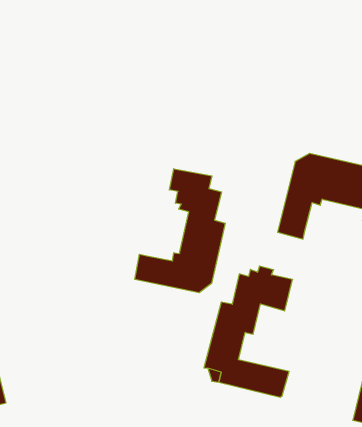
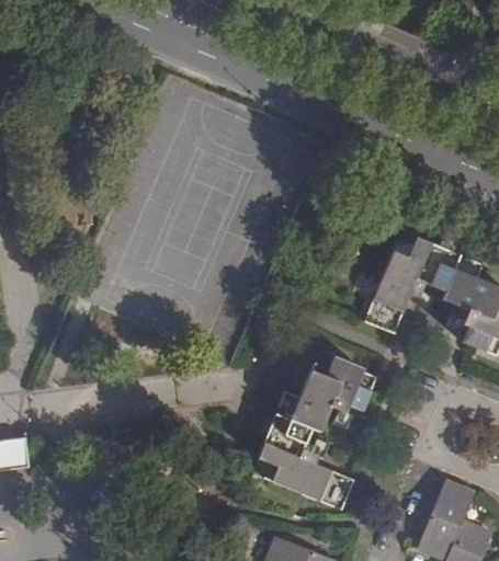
building: [135,169,225,293] -> none

